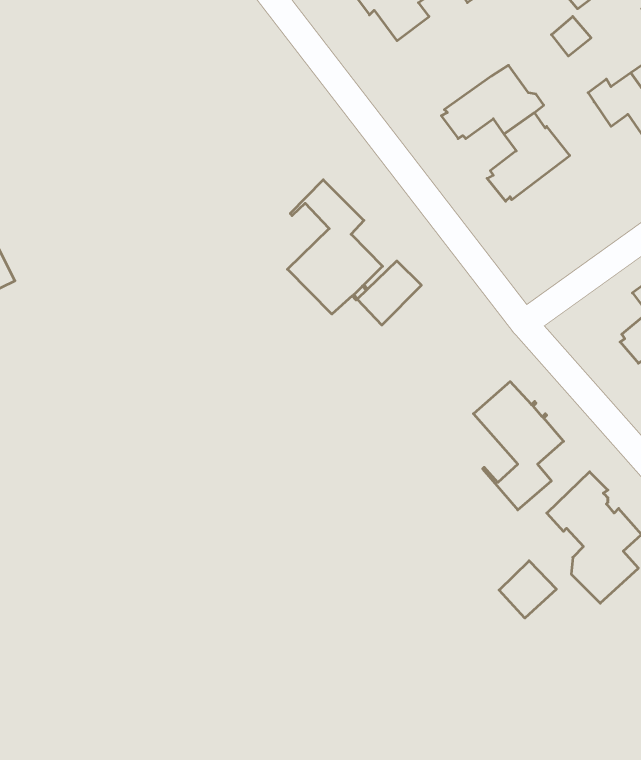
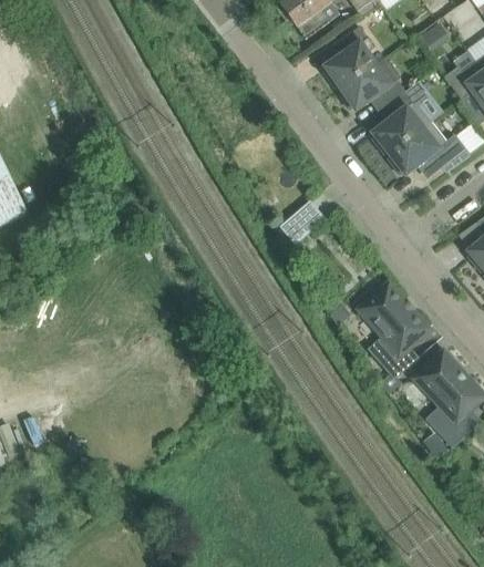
building: none -> [323,24,387,87]
building: none -> [388,121,466,179]
building: [287,180,383,314] -> none
building: [499,561,556,618] -> none

